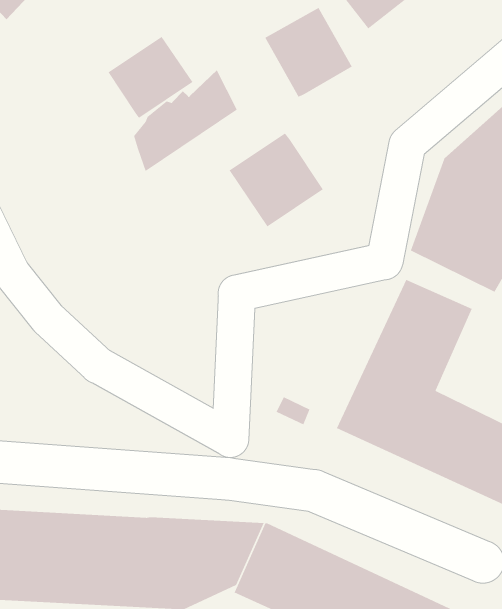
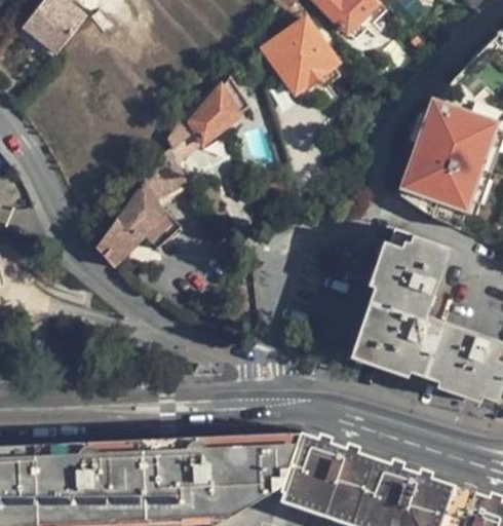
building: [108,36,193,119] -> none
building: [229,132,324,228] -> none
building: none -> [93,149,187,268]

